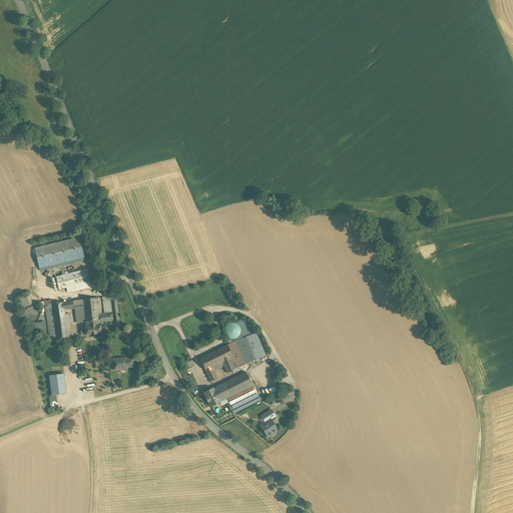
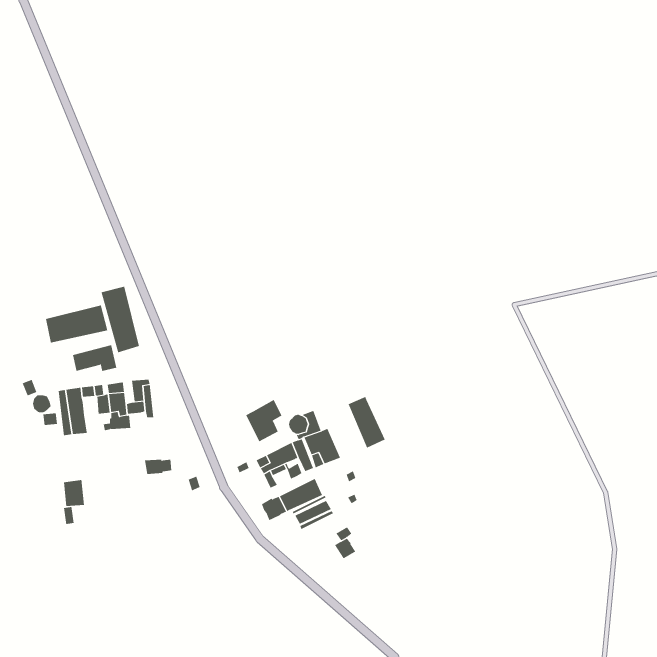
building: none -> [101,286,140,353]
building: none -> [348,396,386,449]
building: none -> [246,399,282,442]

